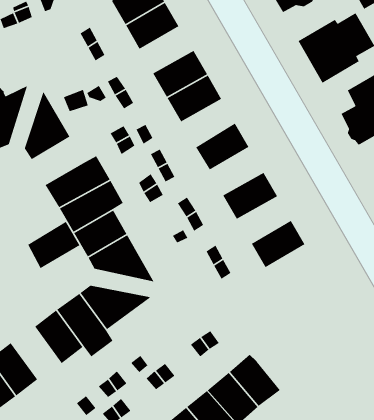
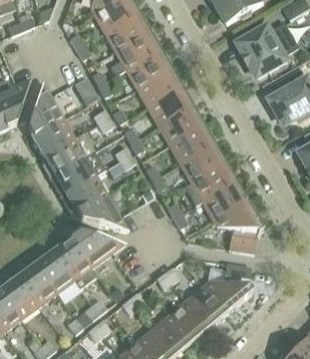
building: none -> [116,33,159,69]
building: none -> [148,89,191,126]
building: none -> [171,126,213,163]
building: none -> [185,164,234,205]
building: [27,221,80,269] -> [33,118,74,155]
building: none -> [214,202,262,254]
building: none -> [202,264,252,314]
building: none -> [17,265,56,306]

